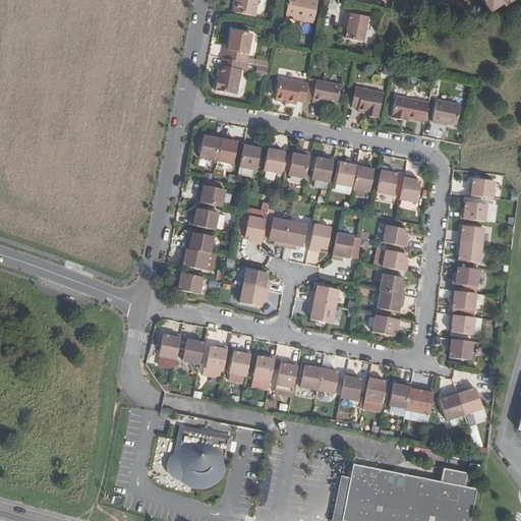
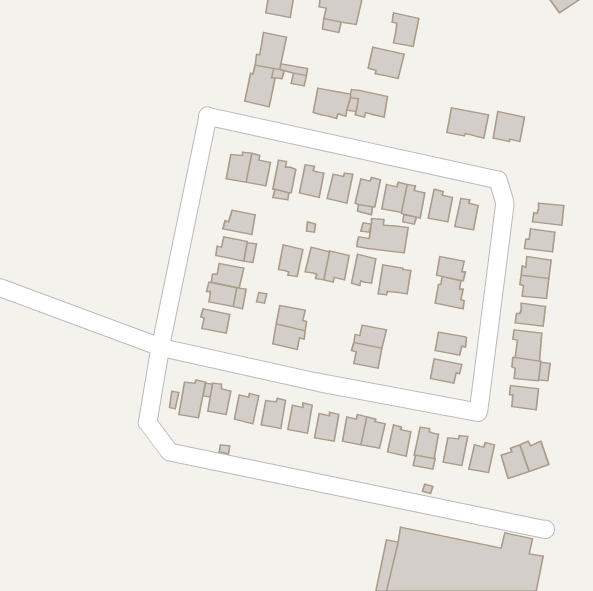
building: [351,86,383,114] -> [368,47,404,78]
building: none -> [357,218,408,253]
building: [385,274,410,295] -> none
building: [166,423,233,487] -> none

